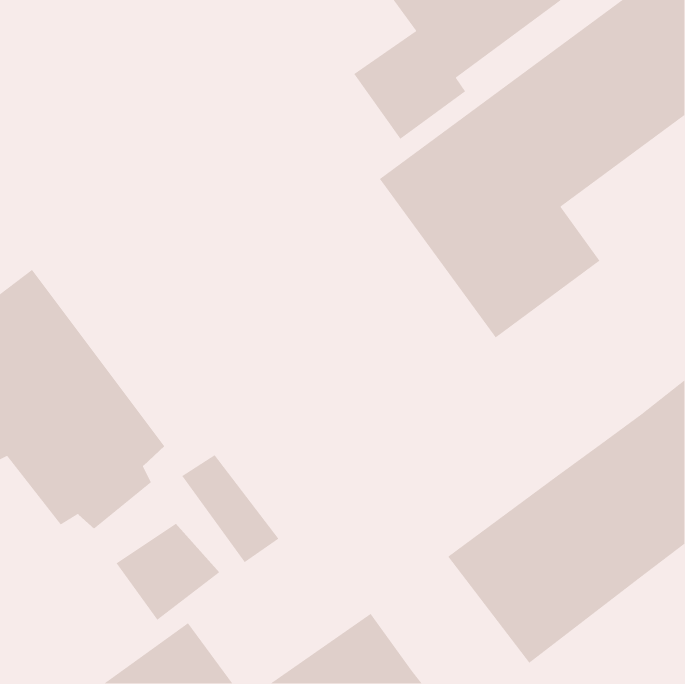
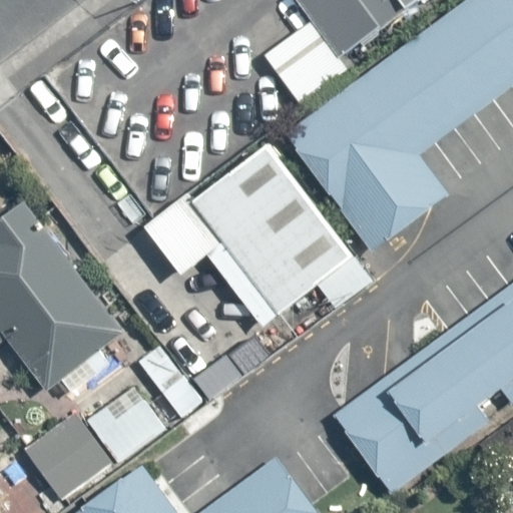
building: none -> [145,142,354,327]
building: none -> [21,414,113,499]

